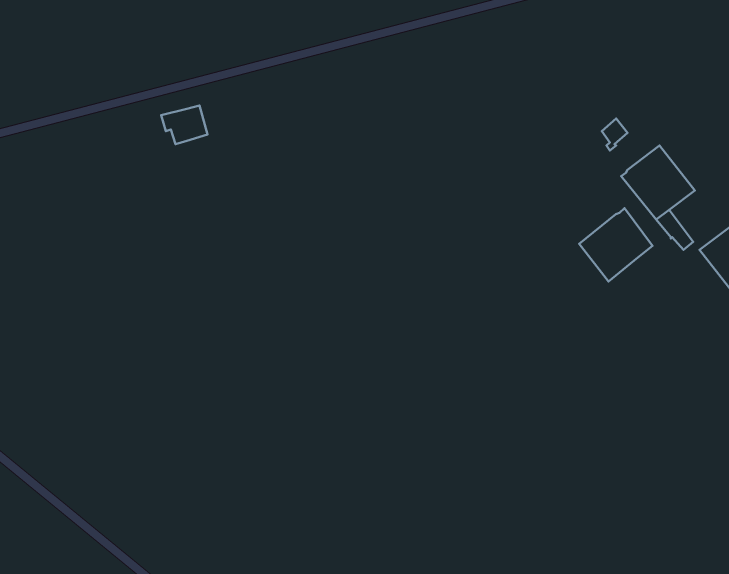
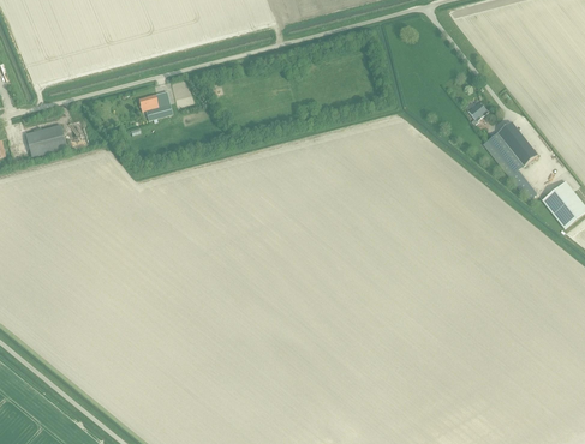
building: none -> [24,122,65,157]
building: [579,208,653,281] -> none

